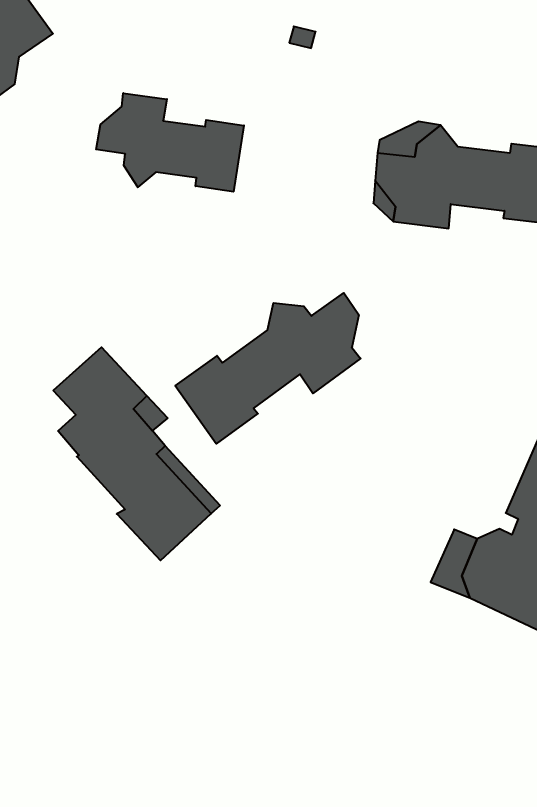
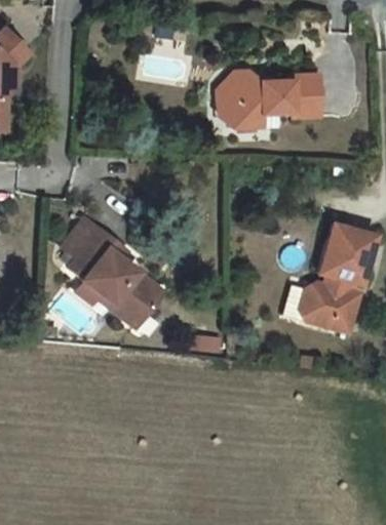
building: [96,93,244,192] -> none
building: [175,293,361,444] -> none

